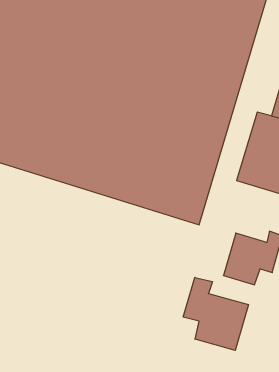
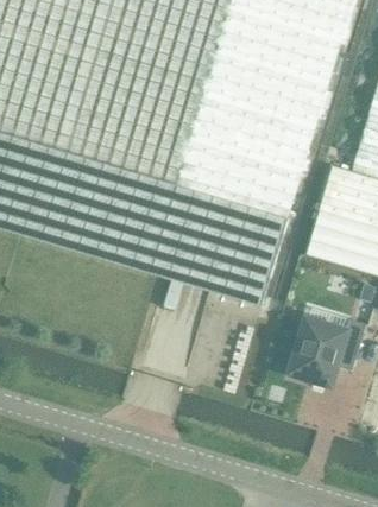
building: [183,277,249,350] -> none

